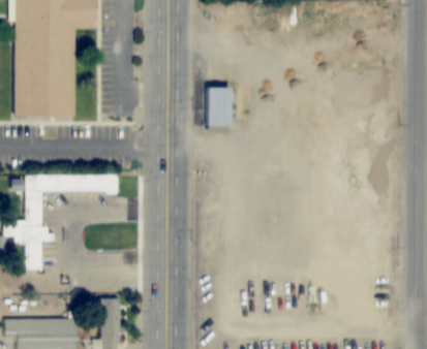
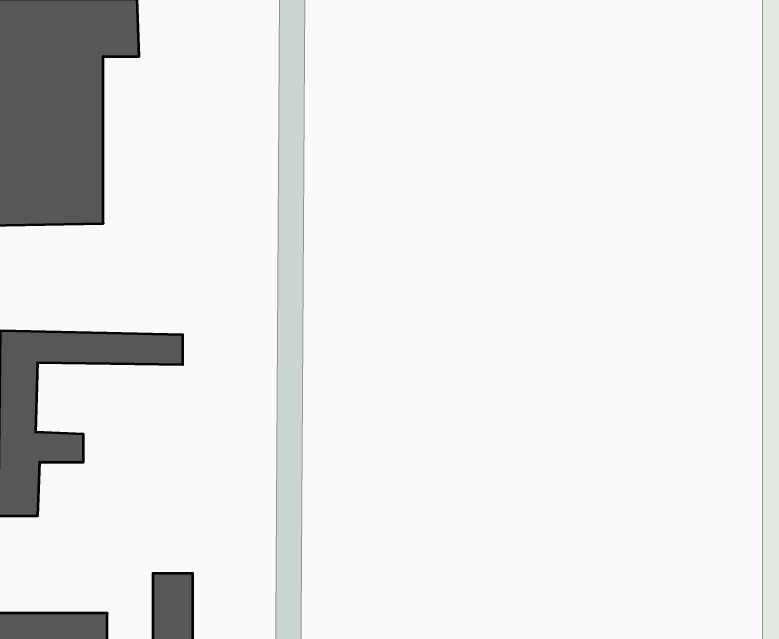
building: [205,88,242,126] -> none

